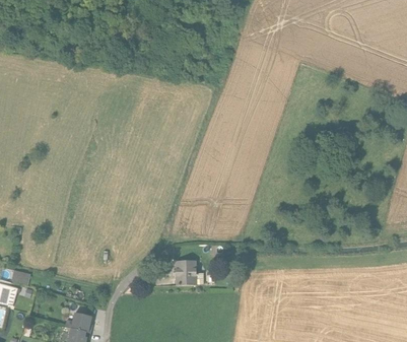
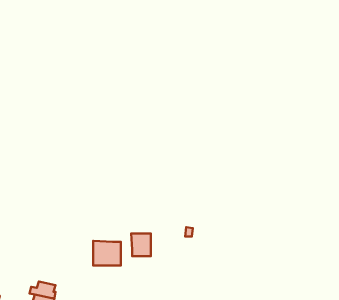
building: none -> [93,241,121,266]

